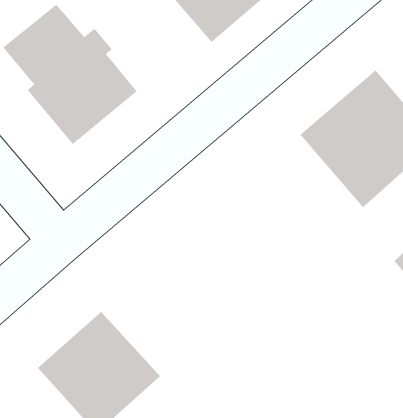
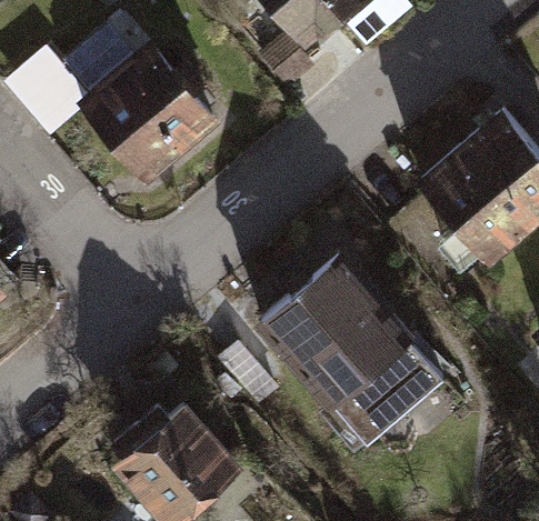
building: none -> [261,246,446,449]

